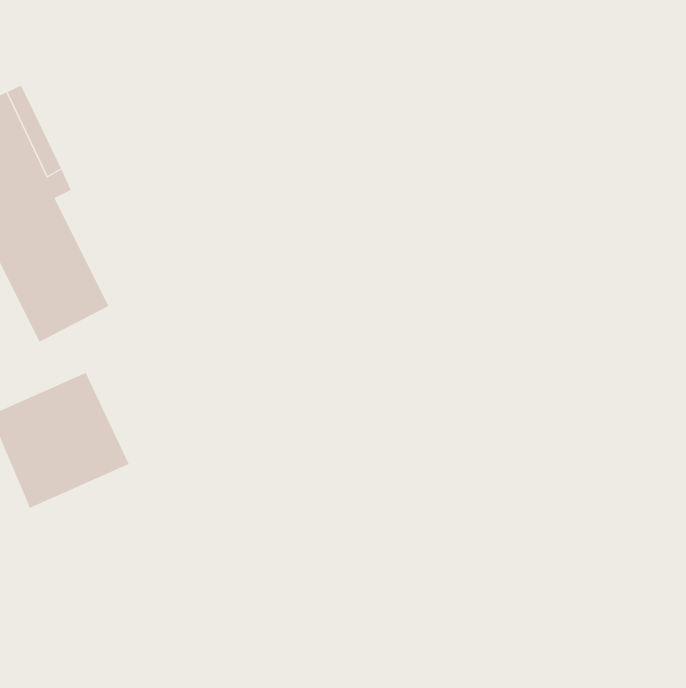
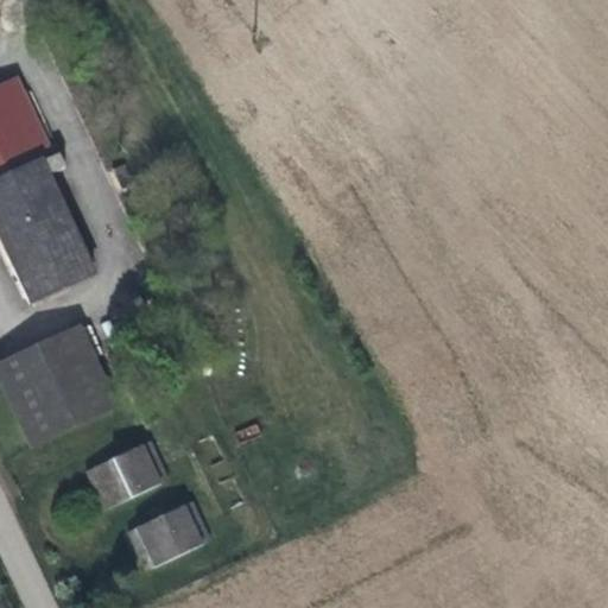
building: none -> [84,442,165,509]
building: none -> [124,501,208,570]

